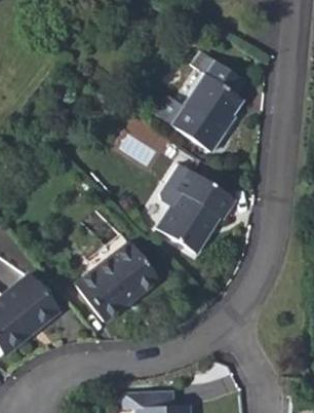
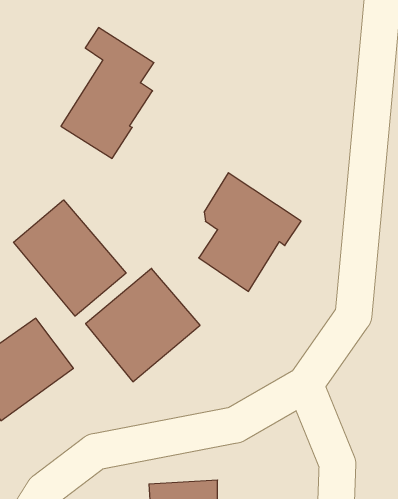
building: [173,49,244,149] -> [61,28,154,158]
building: none -> [14,200,126,316]

